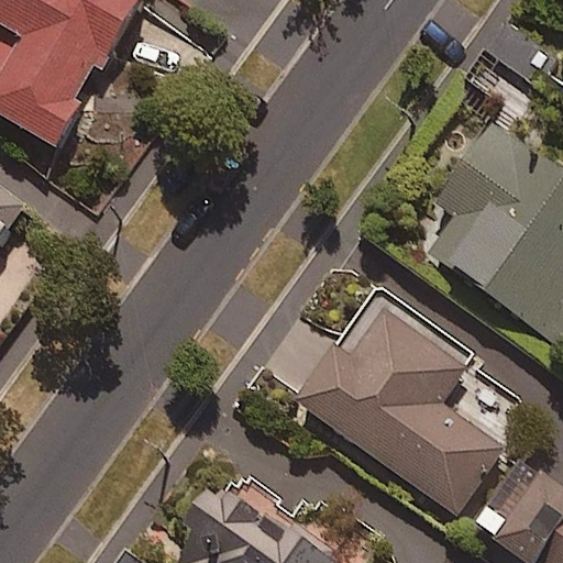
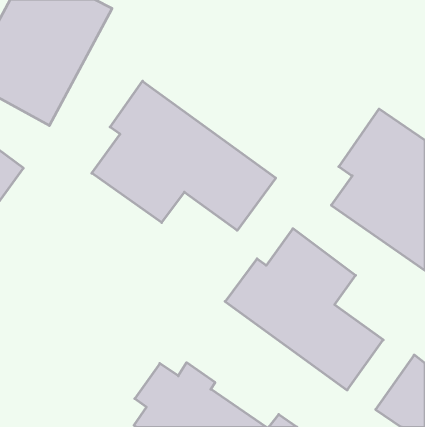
building: none -> [92,81,276,230]

